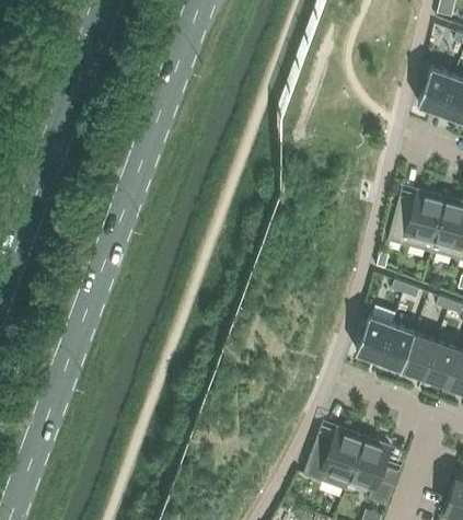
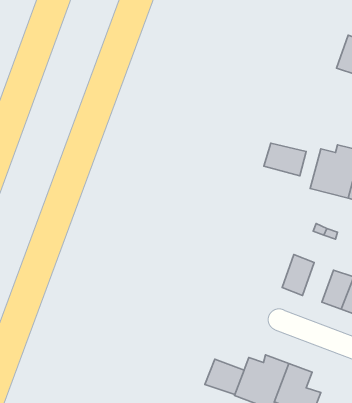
building: none -> [264,143,306,176]
building: [379,325,414,370] -> none
building: none -> [205,359,244,394]

